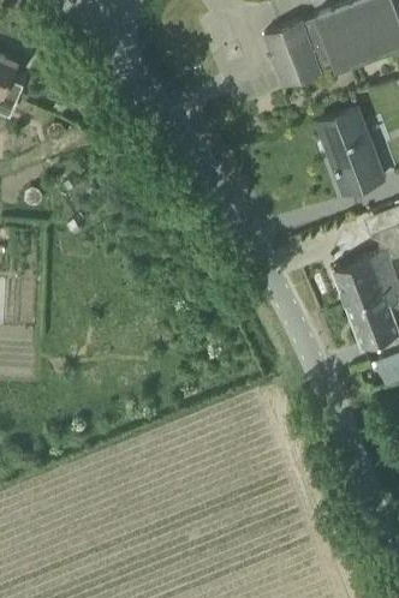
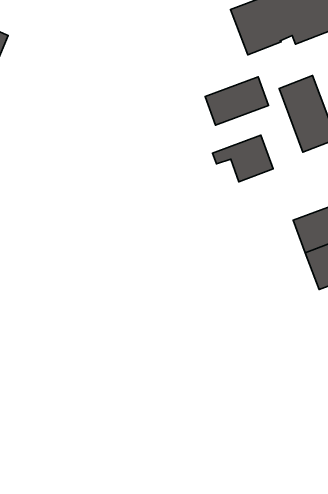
building: none -> [205,77,268,125]
building: none -> [212,135,273,182]

